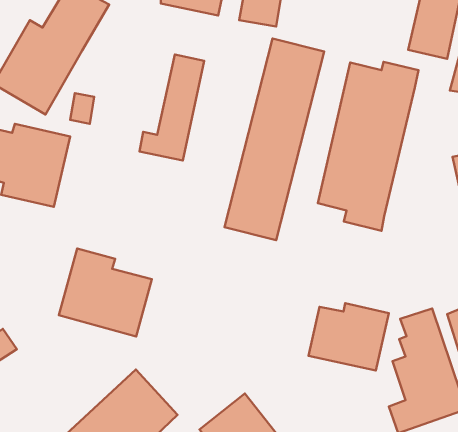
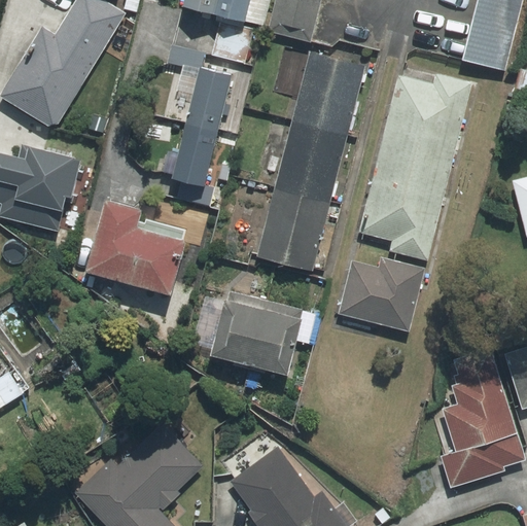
building: [59,249,152,336] -> [87,198,191,295]
building: none -> [184,290,313,372]
building: [308,303,389,371] -> [338,257,427,332]

